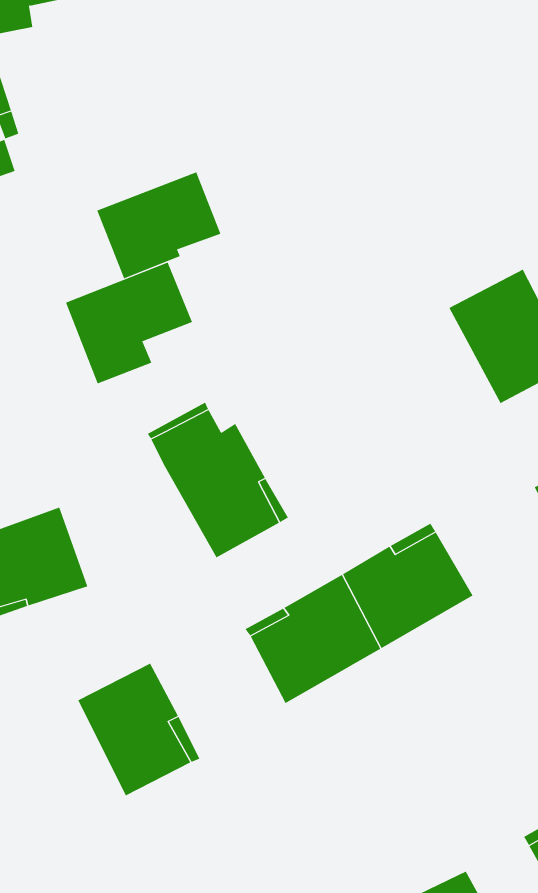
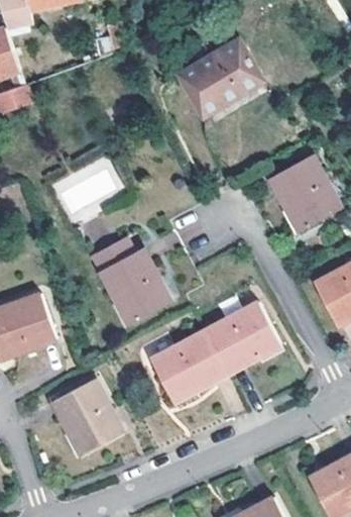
building: none -> [176,37,263,117]
building: [96,171,221,279] -> none

